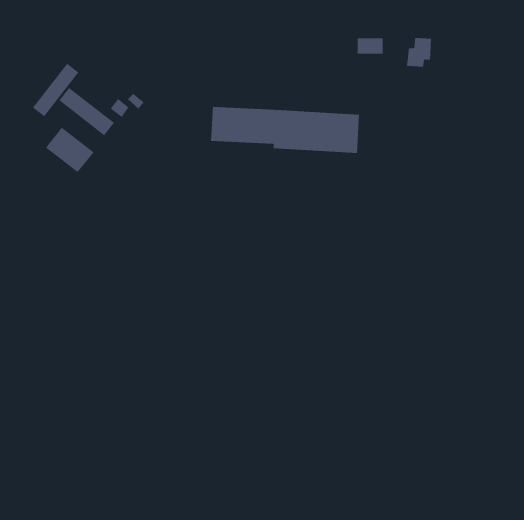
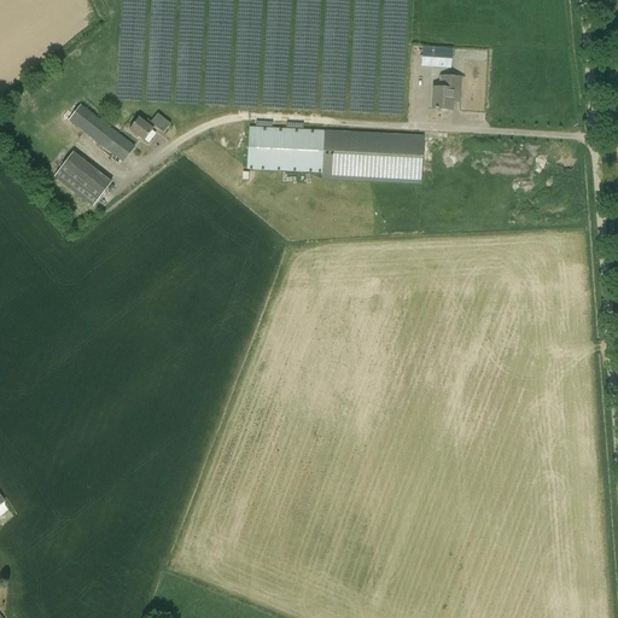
building: [406,38,432,67] -> [431,74,461,109]
building: [32,63,79,117] -> none

